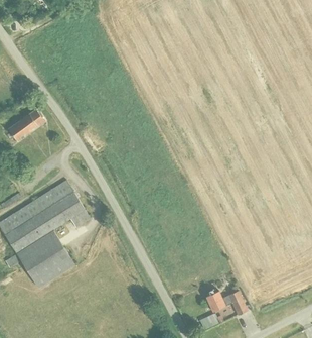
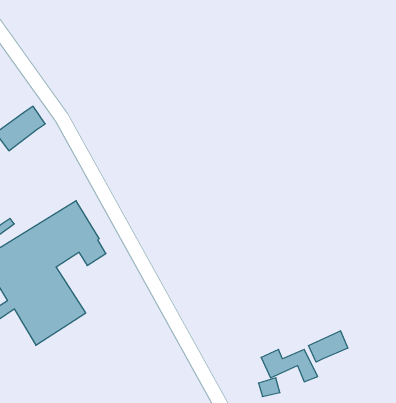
building: none -> [308,331,348,362]

